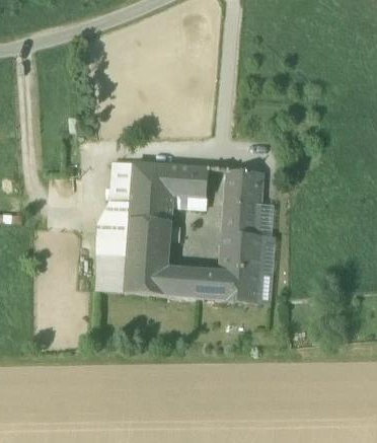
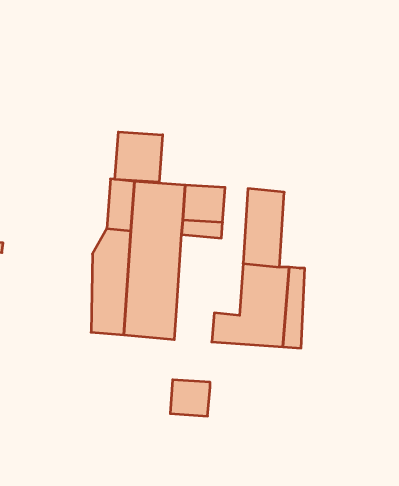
building: none -> [115,132,163,182]
building: [253,202,273,234] -> none
building: [165,266,199,296] -> [170,380,210,416]

